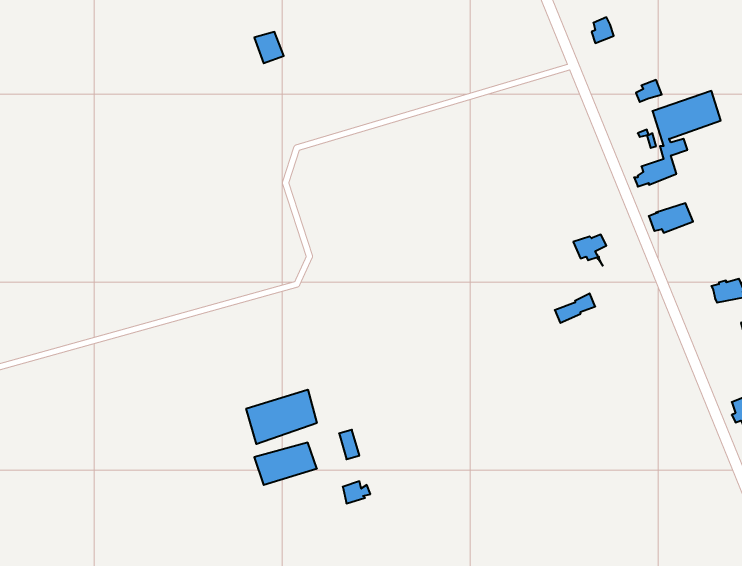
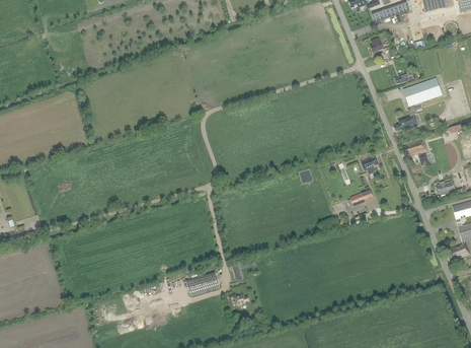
building: [246,390,317,444] -> none

